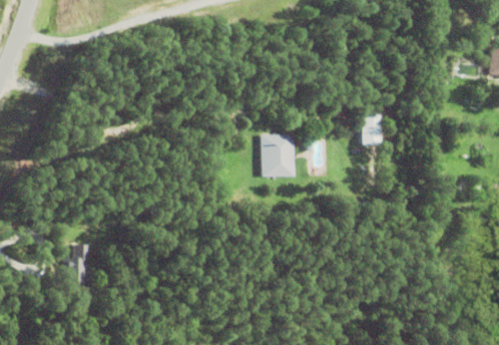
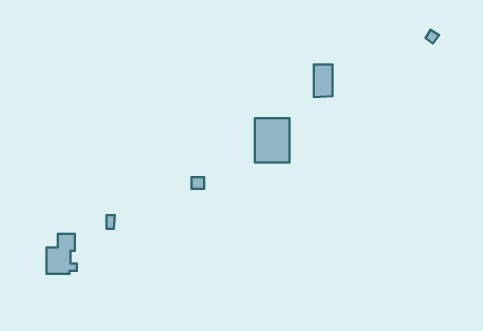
building: [363,114,381,145] -> [314,65,333,97]

